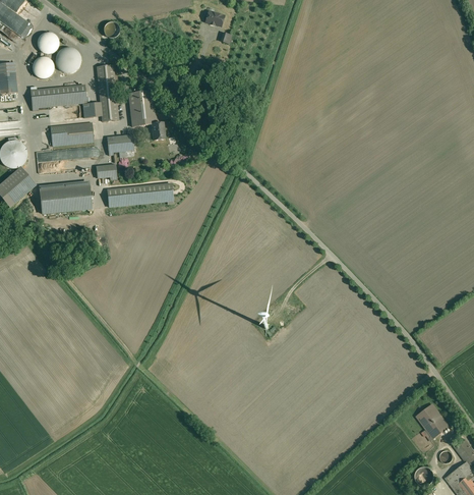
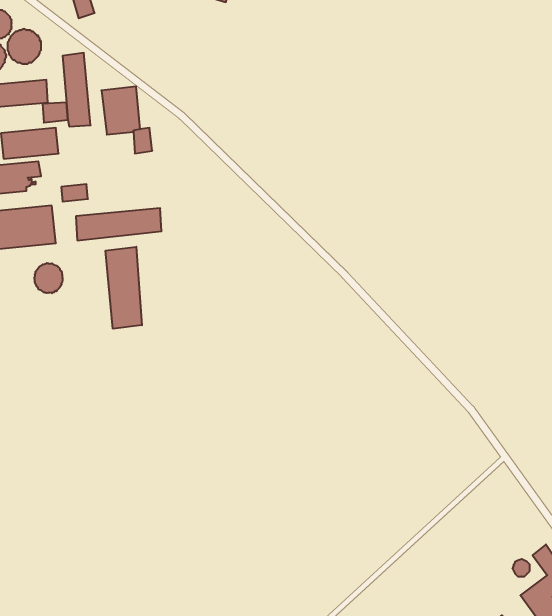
building: [107,134,133,153] -> none
building: none -> [106,247,142,329]
building: none -> [34,263,63,293]
building: [416,404,449,439] -> none

